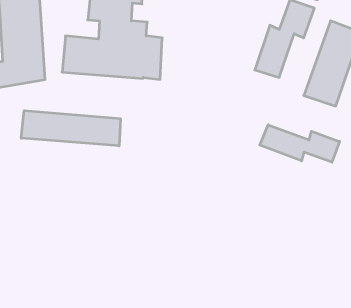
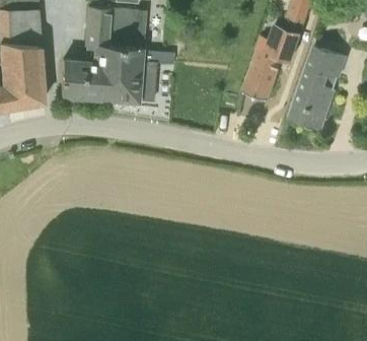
building: [21,111,120,146] -> none
building: [260,125,340,162] -> none

